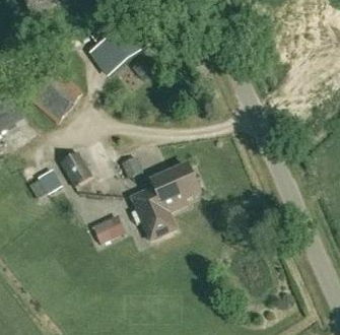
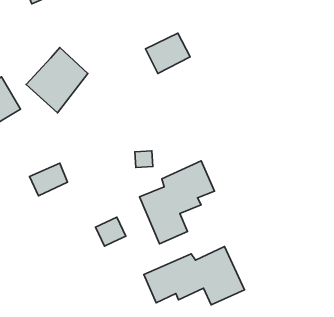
building: [92,35,133,71] -> [145,33,190,74]
building: [61,152,92,186] -> none
building: none -> [144,247,245,305]

